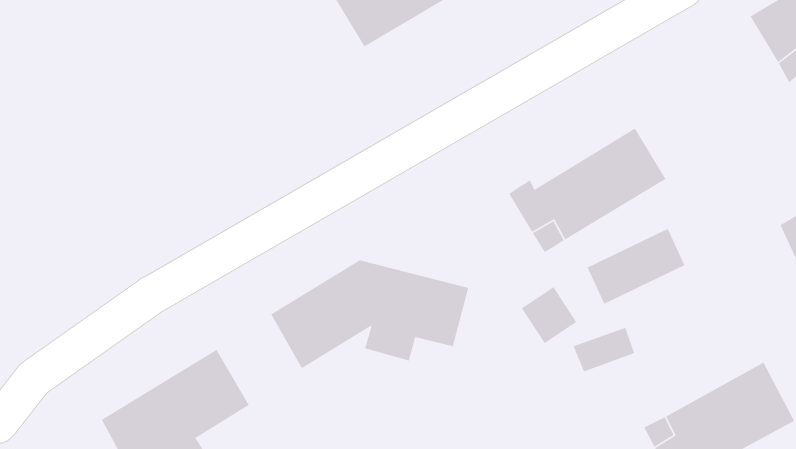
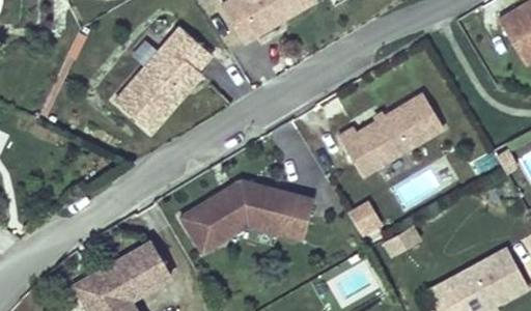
building: none -> [115,26,212,131]

